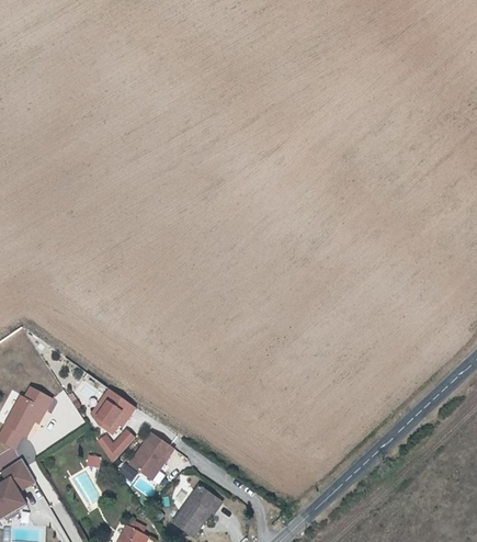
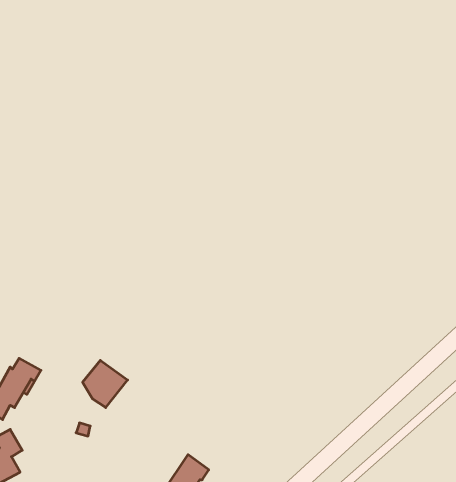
building: [99,429,137,463] -> none
building: [130,433,177,481] -> none

